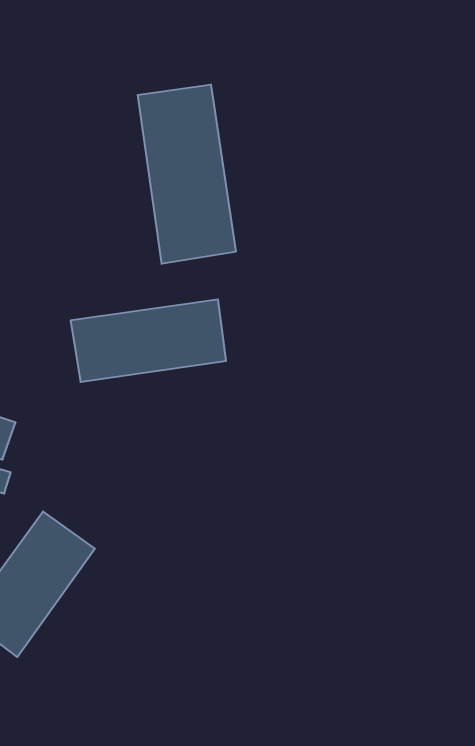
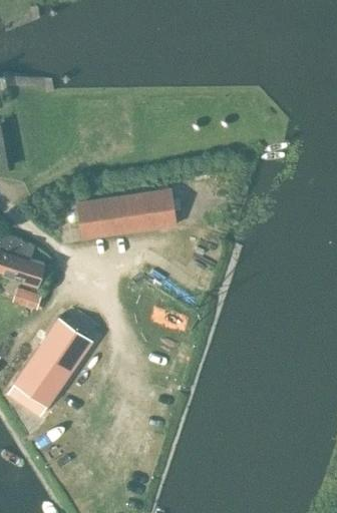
building: [138,84,236,264] -> none

